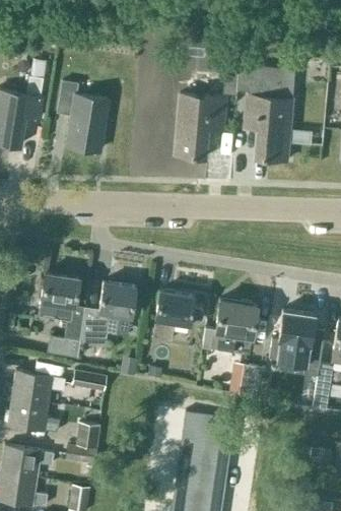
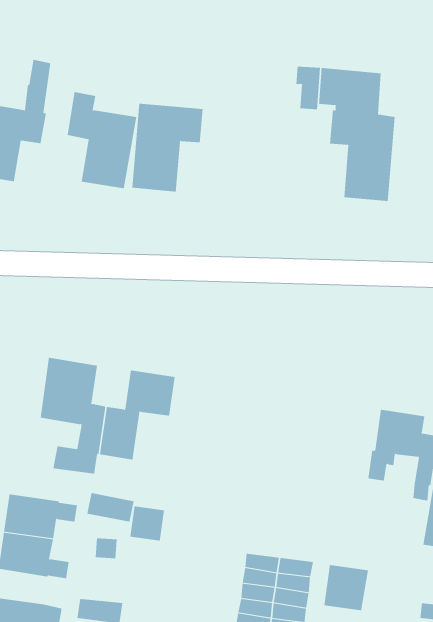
building: [176,93,227,157] -> [131,103,203,192]
building: [153,291,204,340] -> none
building: [201,300,257,354] -> none
building: [229,363,262,396] -> [324,564,369,611]
building: [75,423,100,448] -> [130,506,165,541]

